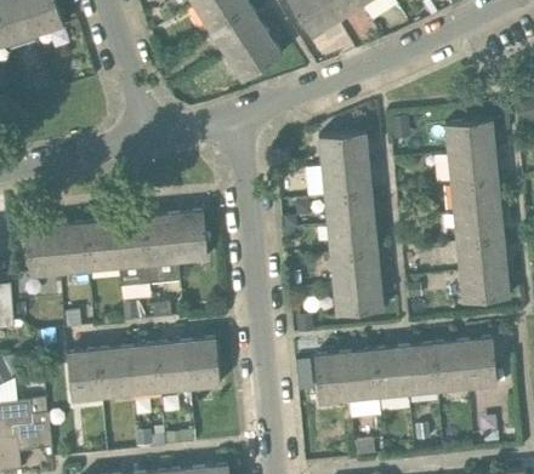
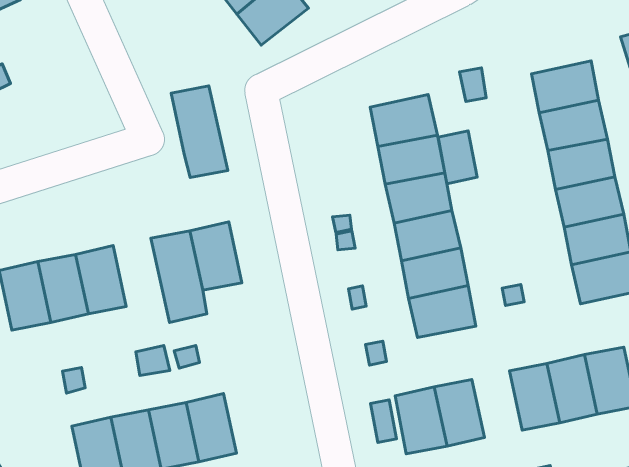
building: none -> [438,131,477,184]
building: [114,217,150,285] -> [171,86,228,178]
building: [186,338,221,387] -> none
building: [375,347,409,395] -> none

